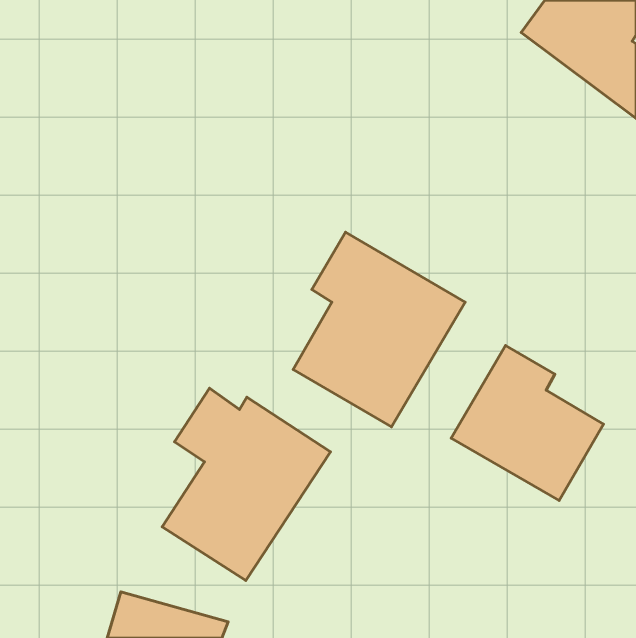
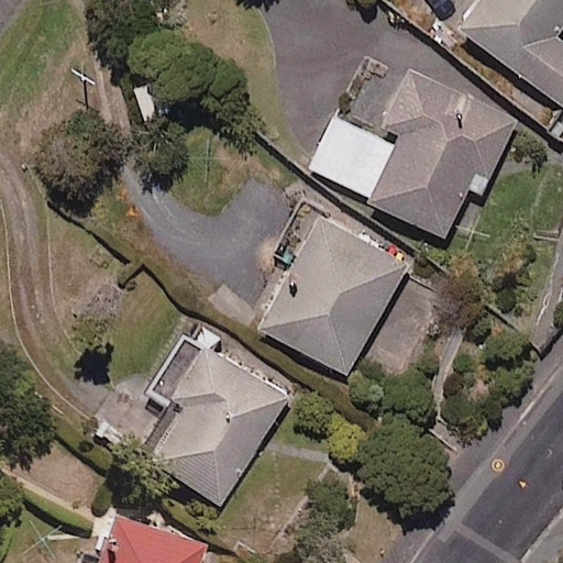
building: none -> [310,67,518,238]
building: [451,345,604,501] -> none

